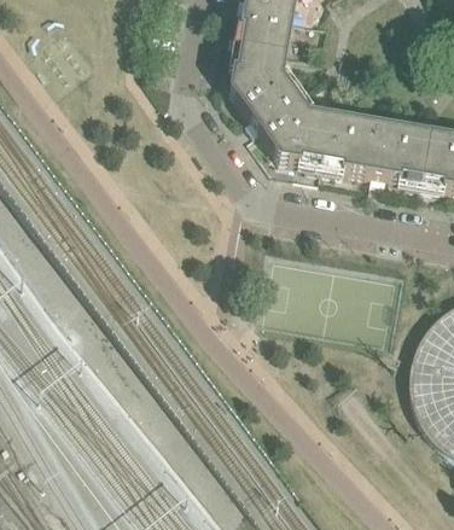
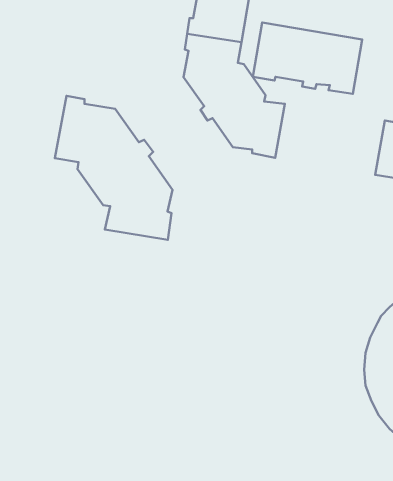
building: none -> [55,96,172,240]
building: [322,110,432,181] -> [253,23,362,94]

